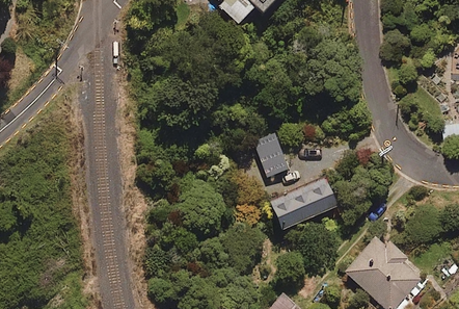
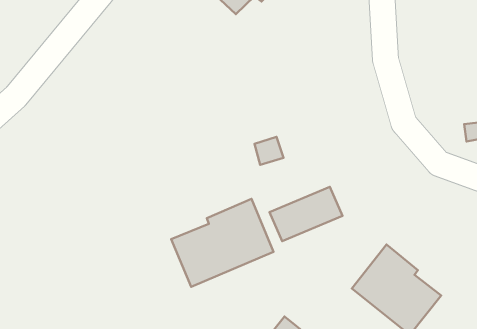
building: none -> [171,199,274,287]

